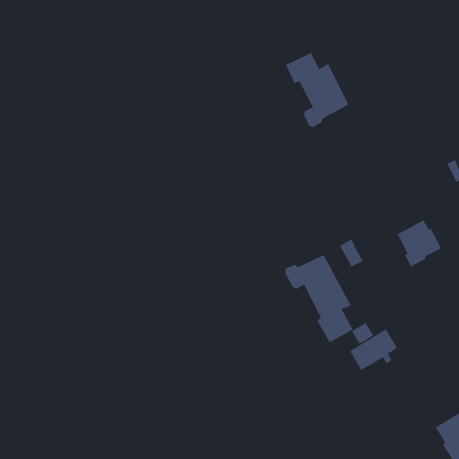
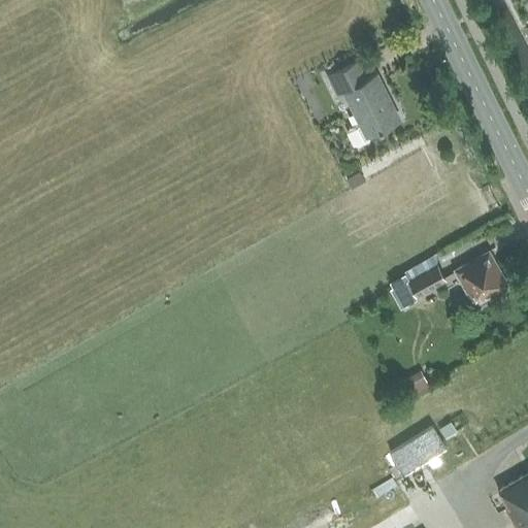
building: none -> [407,265,448,298]
building: [285,254,353,343] -> none
building: [349,329,398,371] -> [391,426,447,474]

